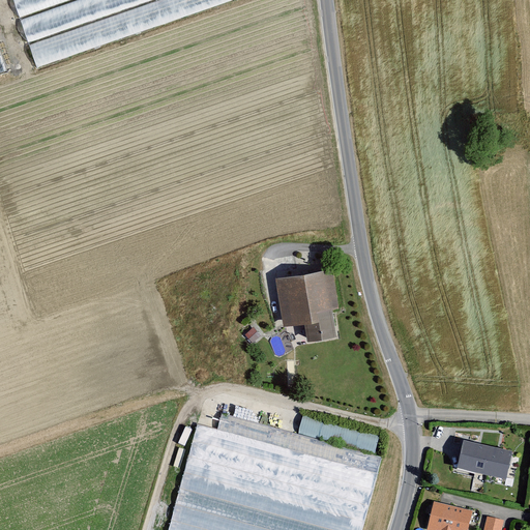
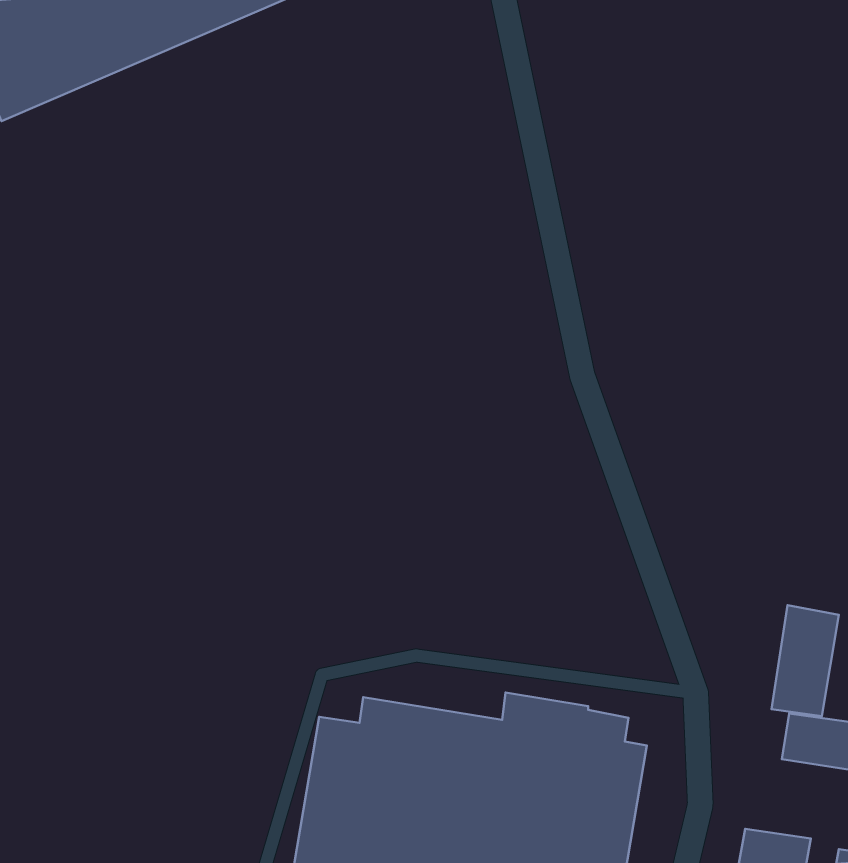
building: [275,271,338,342] -> none
building: none -> [772,605,839,716]

